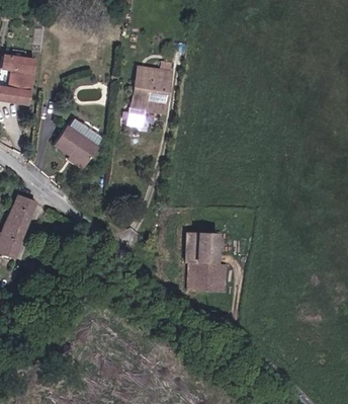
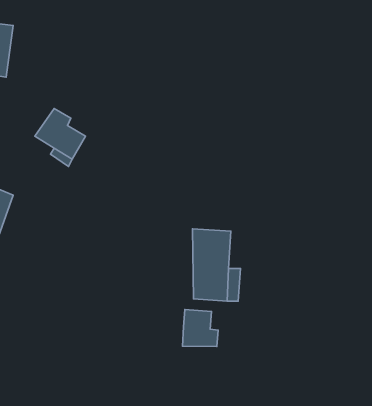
building: [122,63,172,129] -> none
building: none -> [182,309,218,346]

